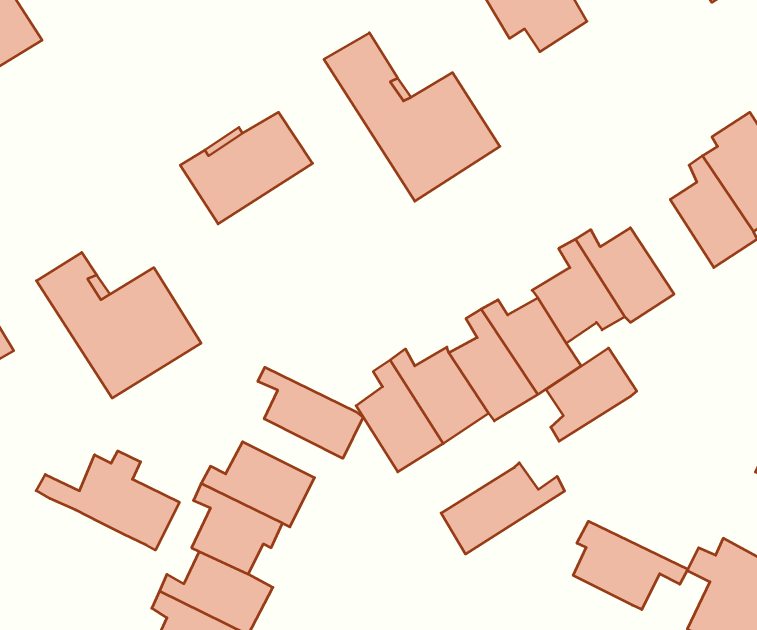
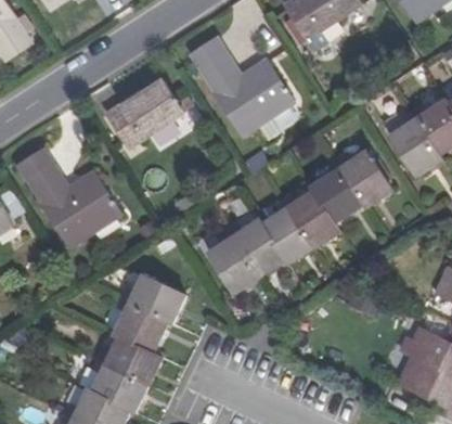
building: [546,348,637,441] -> none
building: [258,367,363,458] -> none
building: [36,451,179,550] -> none
building: [441,463,565,554] -> none
building: [573,521,688,610] -> none

